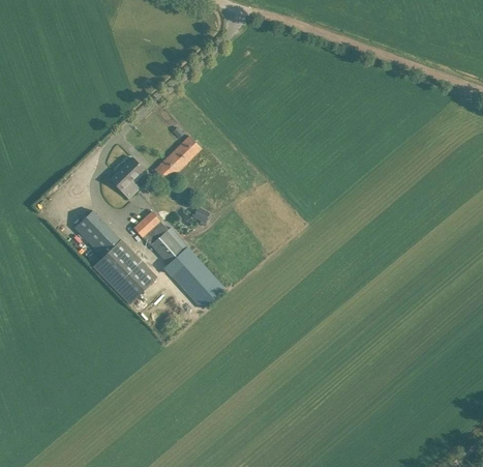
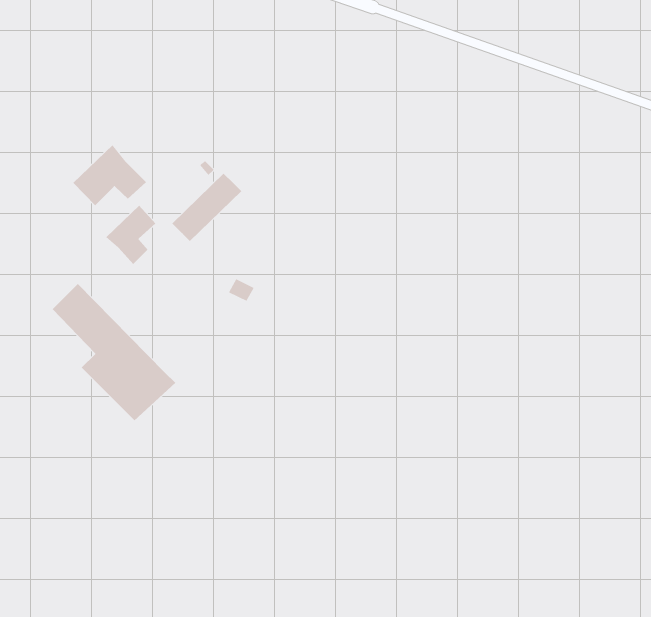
building: none -> [72,145,147,206]
building: [132,211,223,309] -> none

